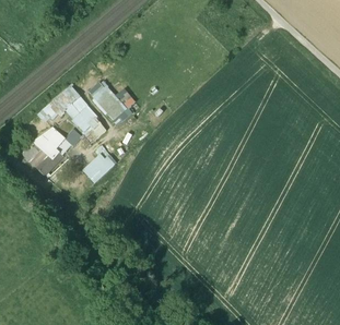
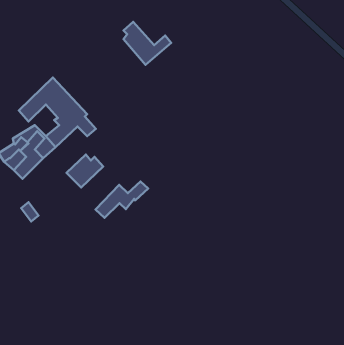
building: [94,83,137,121] -> [124,22,171,65]
building: none -> [95,181,148,218]

